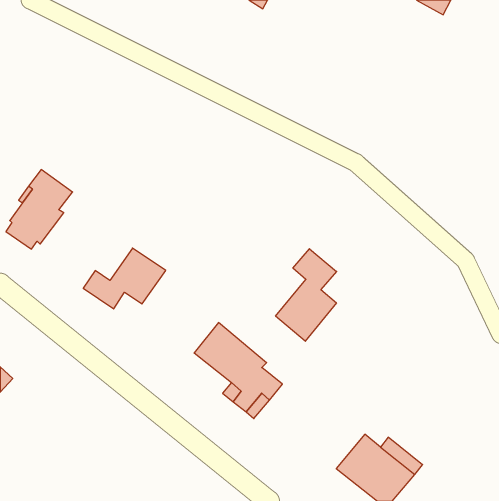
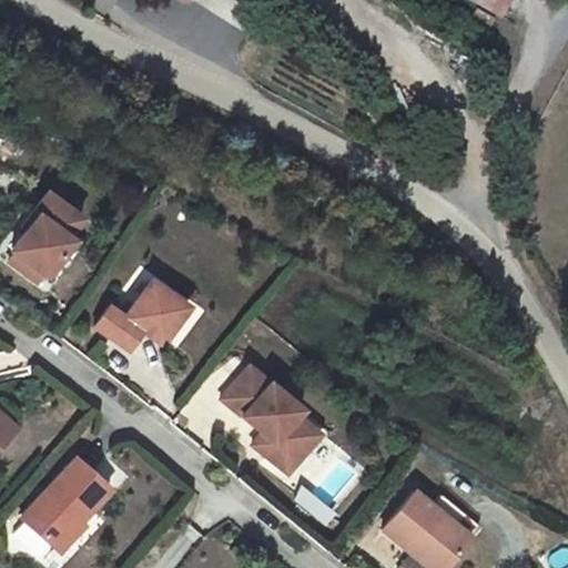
building: [276,249,337,341] -> none
building: none -> [23,458,112,549]

